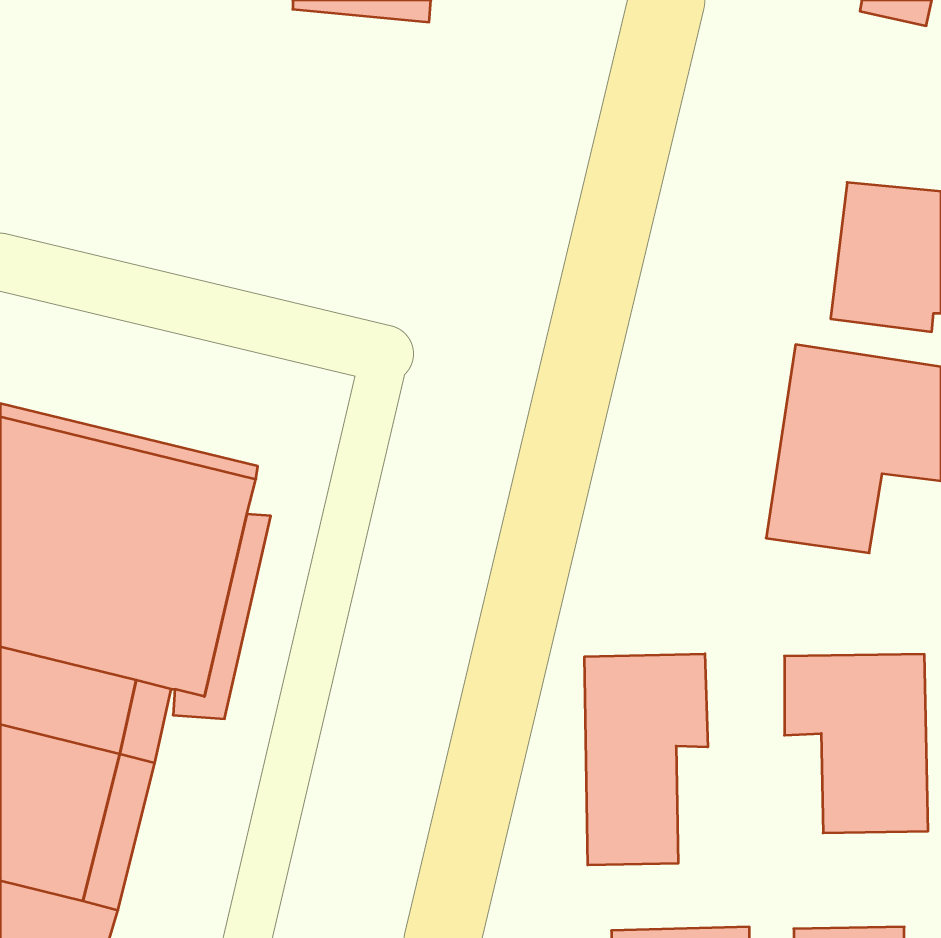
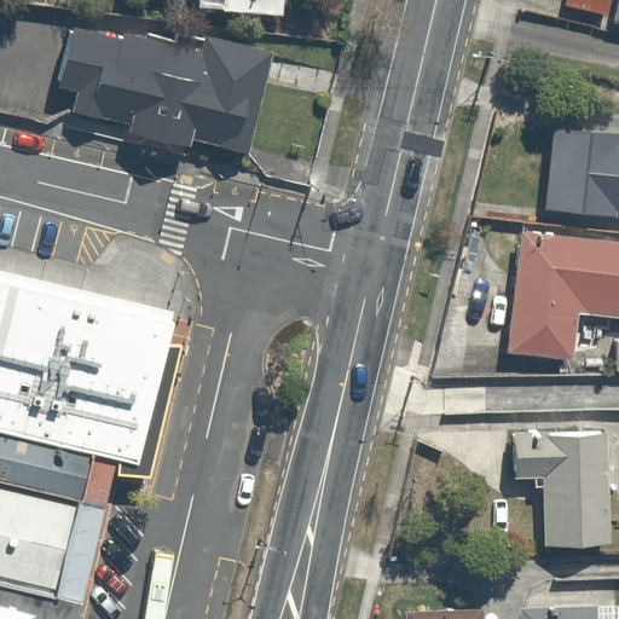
building: none -> [54,23,271,151]
building: [585,654,708,865] -> none

